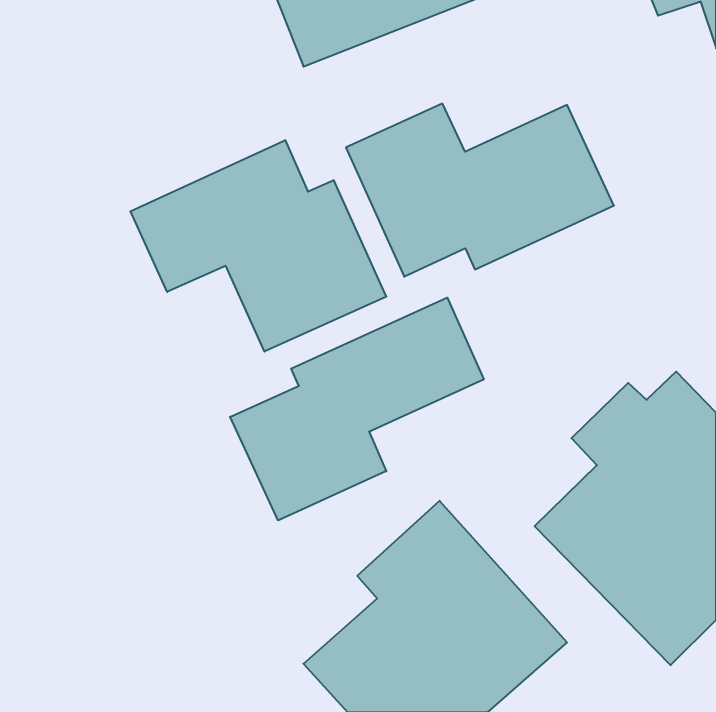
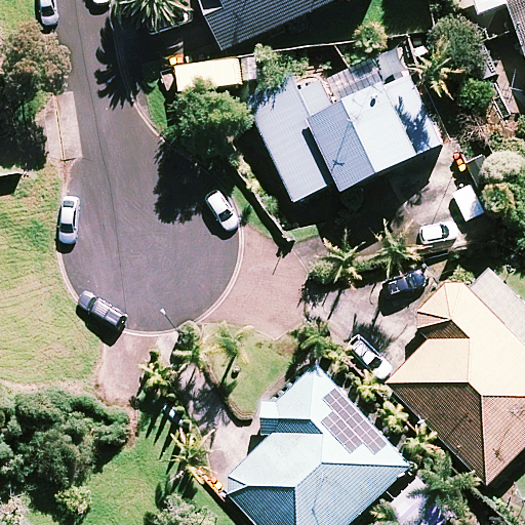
building: [130,140,386,352] -> none
building: [230,298,484,520] -> none

